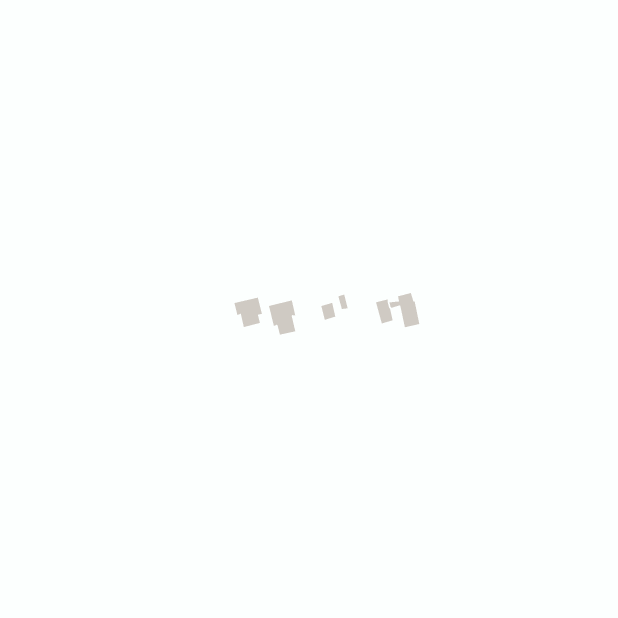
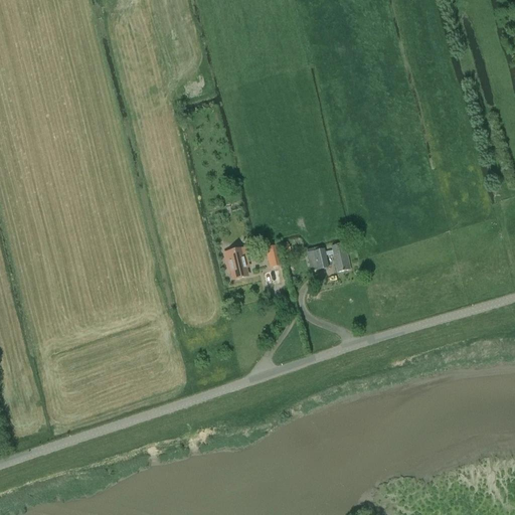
building: [234,297,262,328] -> none

